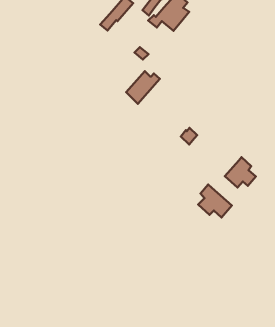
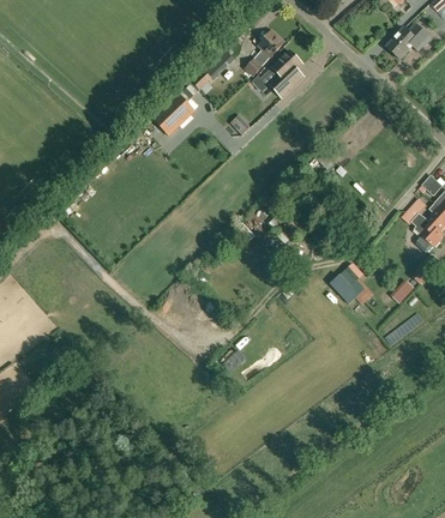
building: [126,71,160,104] -> [155,95,198,134]
building: [198,184,232,217] -> none

